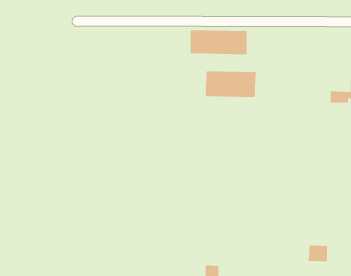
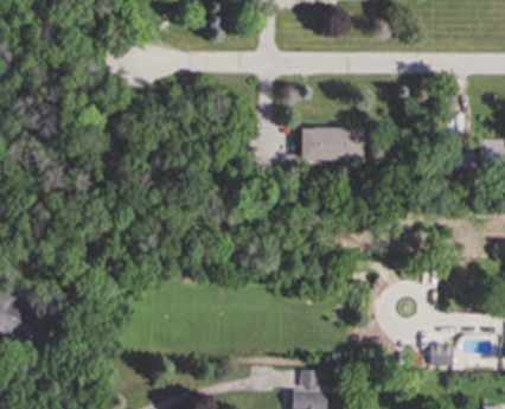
building: [190,29,247,55] -> none

